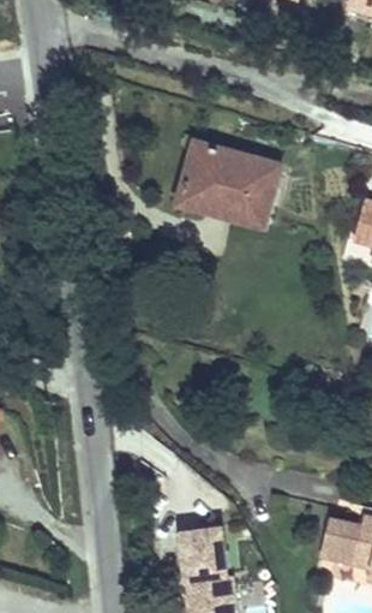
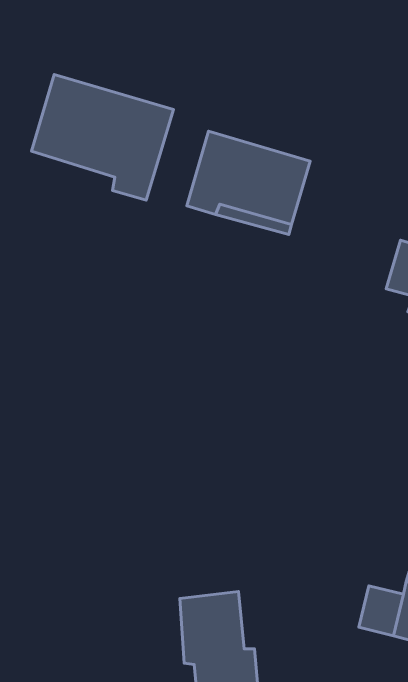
building: none -> [32,74,173,200]

